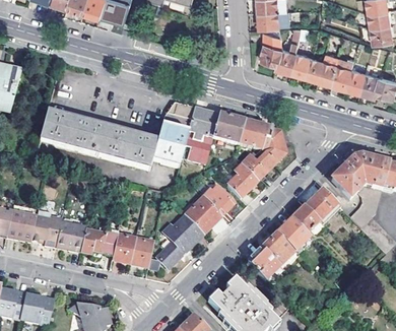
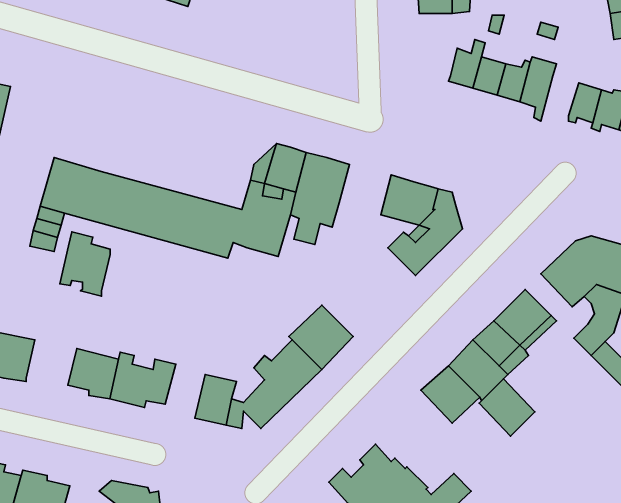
building: [260,32,281,64] -> none
building: [330,57,354,91] -> none
building: [212,116,243,145] -> none
building: [225,164,257,198] -> none
building: [202,187,233,216] -> none
building: [29,210,59,248] -> [60,232,110,296]
building: [111,223,136,264] -> none
building: [246,248,278,281] -> [479,379,535,436]

